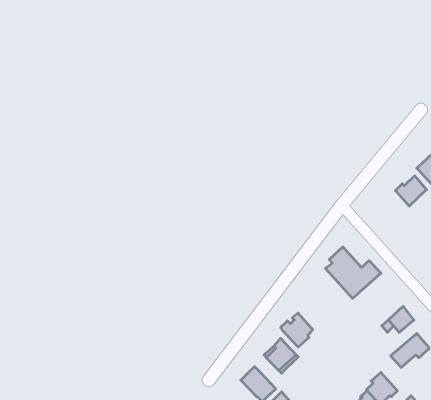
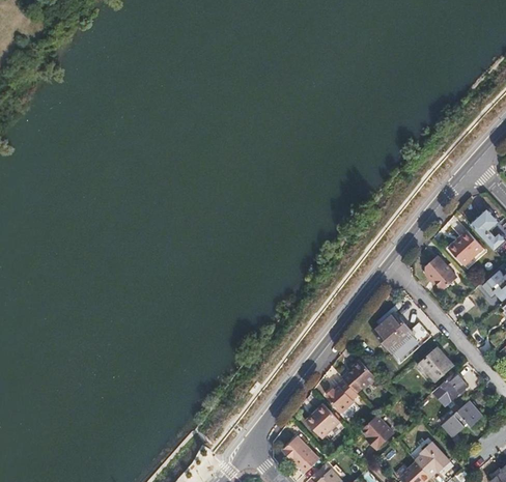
building: none -> [425,256,465,290]
building: none -> [420,347,452,381]
building: none -> [342,359,376,394]
building: none -> [361,415,394,449]

